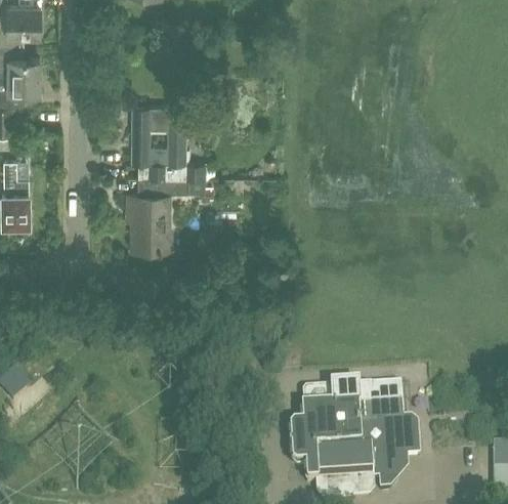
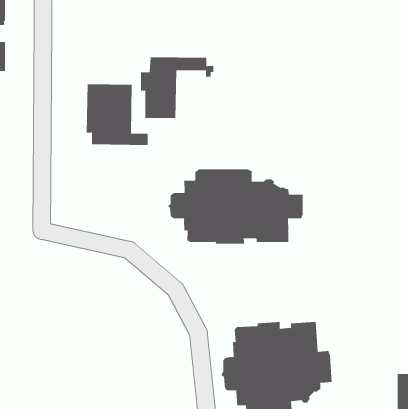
building: [127,177,213,249] -> [140,57,214,118]
building: none -> [167,168,303,245]

